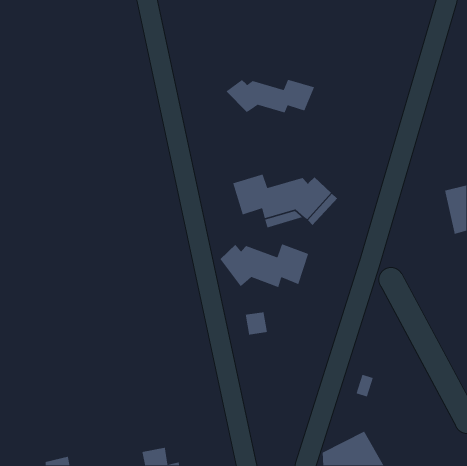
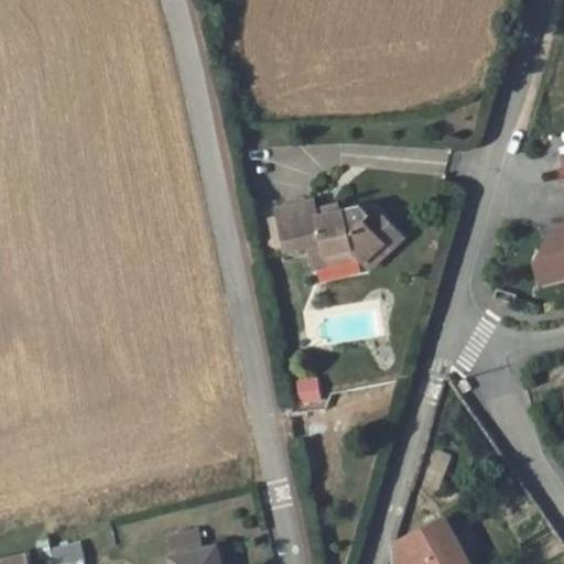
building: [226,79,315,114] -> none
building: [219,243,309,288] -> none

